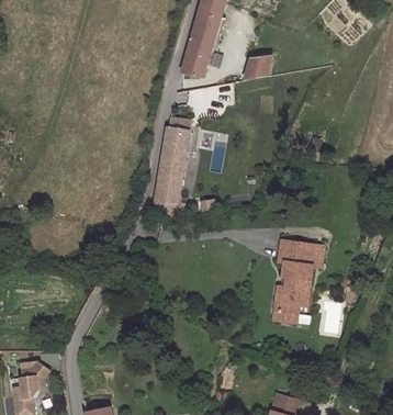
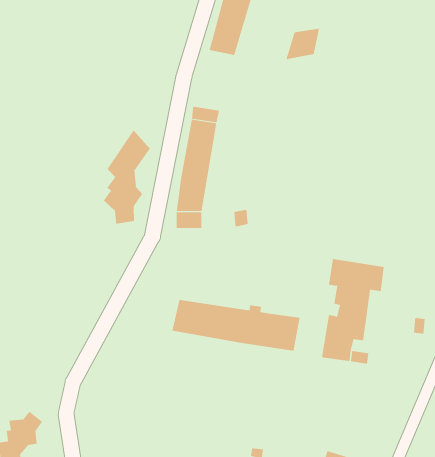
building: none -> [103,130,151,225]
building: none -> [172,299,300,351]

